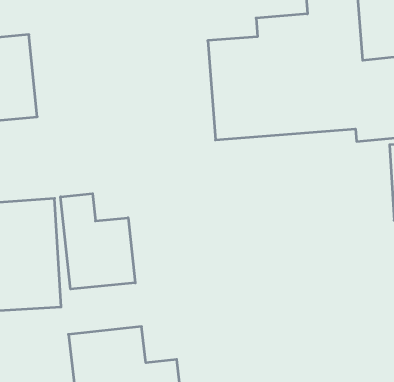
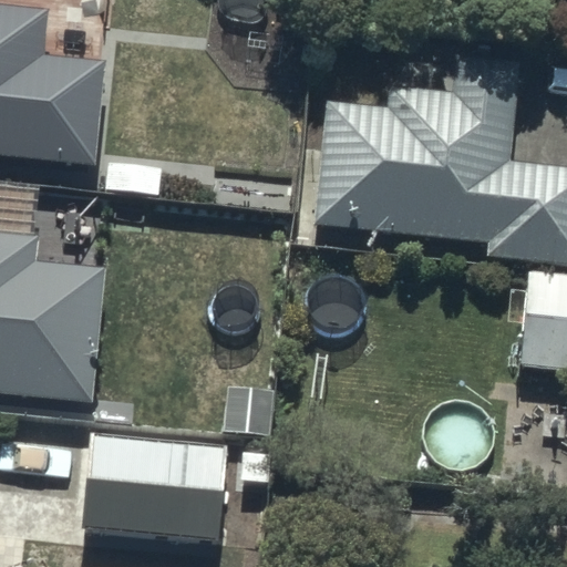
building: [61,194,135,289] -> none

